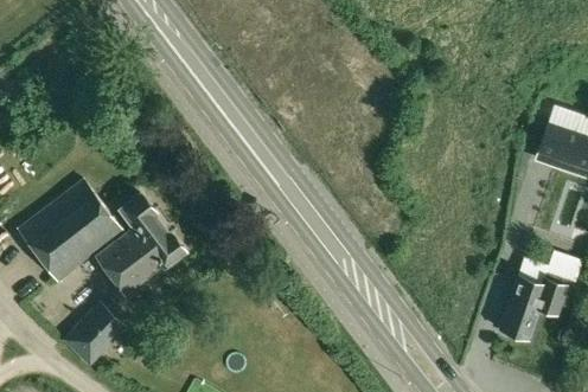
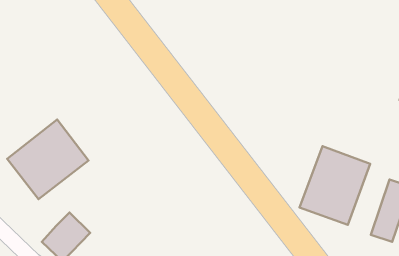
building: [97,195,185,296] -> none
building: none -> [299,146,370,225]

